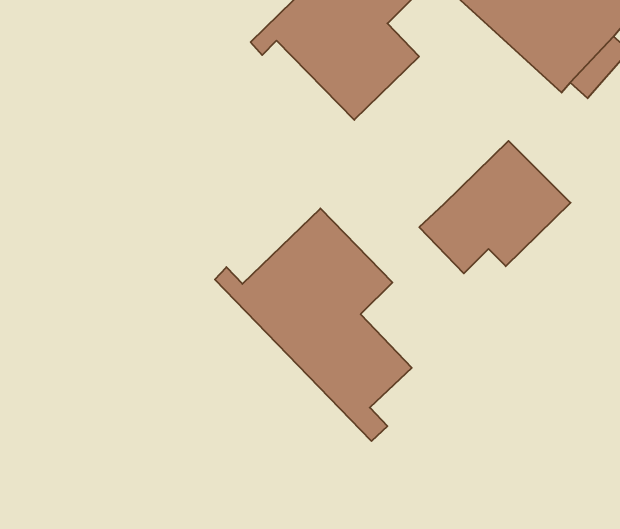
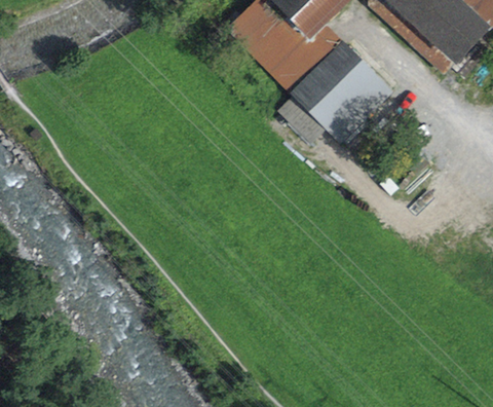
building: [419,141,571,273] -> [282,42,390,137]
building: [215,208,412,441] -> none

